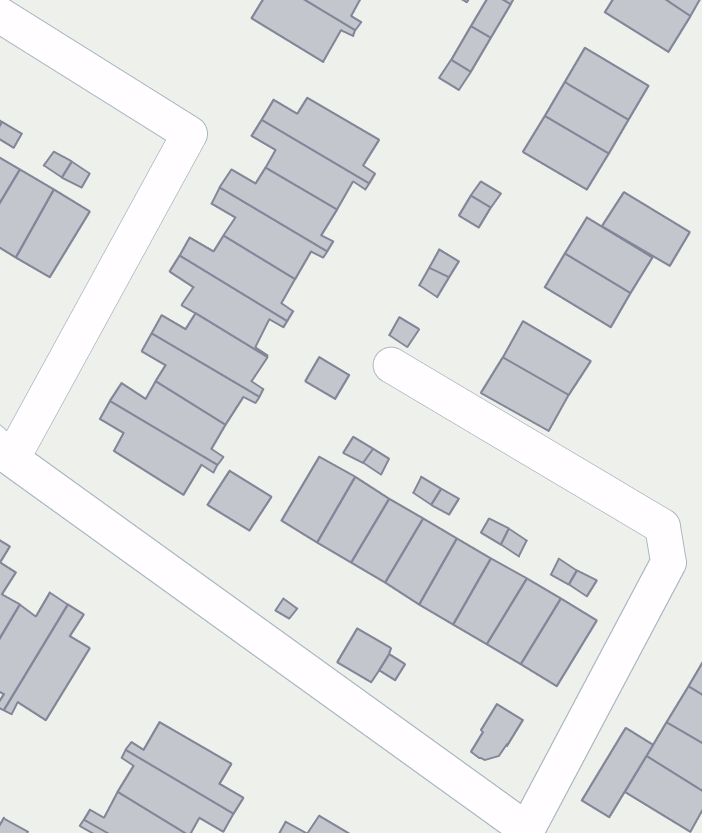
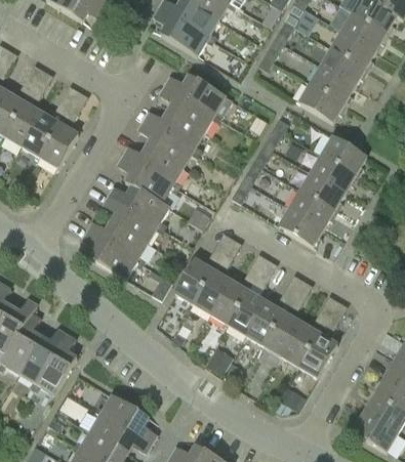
building: none -> [332,30,375,68]
building: [602,192,690,266] -> [300,171,346,209]
building: [582,728,653,817] -> none

